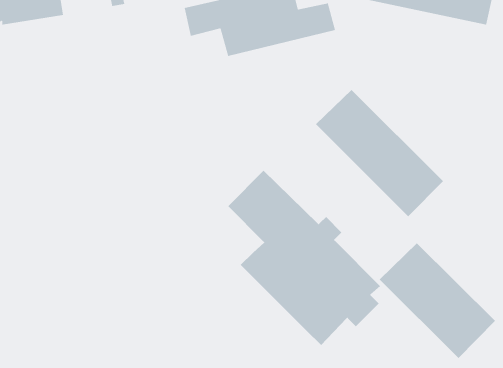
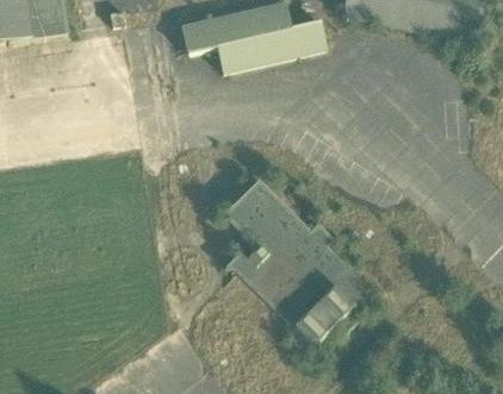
building: [315,89,444,217] -> none
building: [379,242,496,359] -> none

